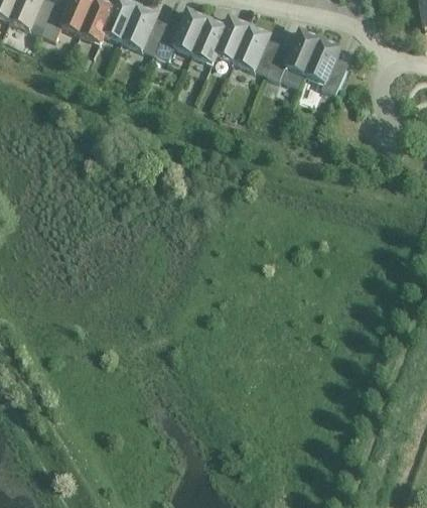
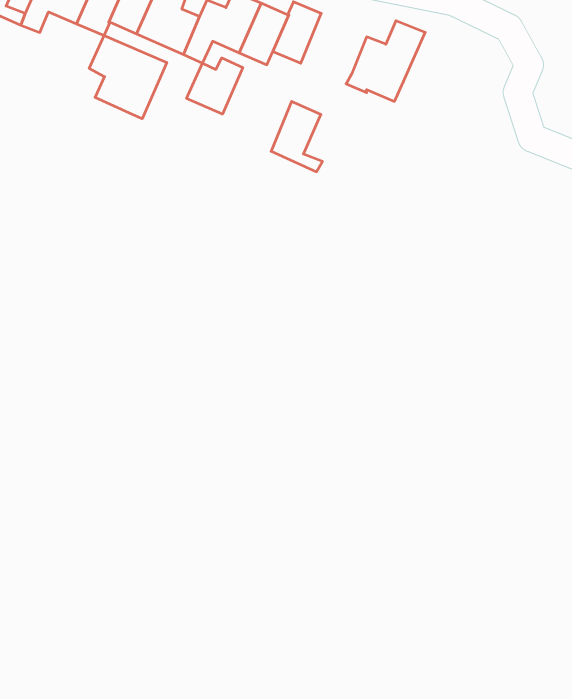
building: [236,26,271,75] -> [271,101,322,172]
building: [306,39,347,94] -> none
building: none -> [89,35,167,119]
building: none -> [187,58,243,114]

